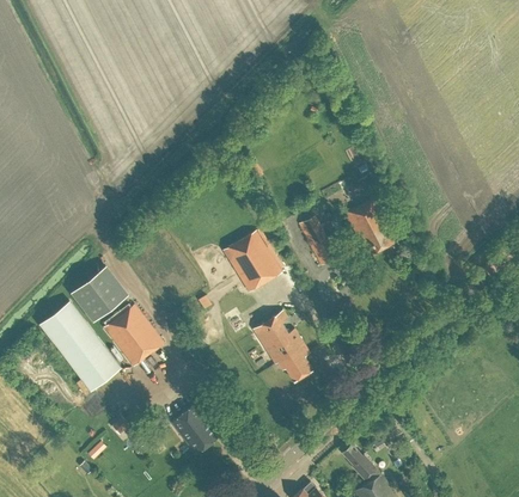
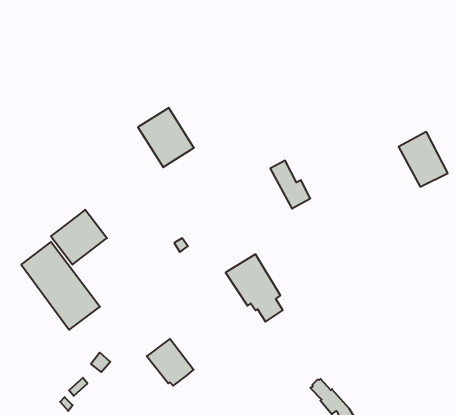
building: [344,201,396,258] -> [399,132,448,187]
building: [222,232,281,294] -> [138,108,194,167]
building: [103,306,164,369] -> none

